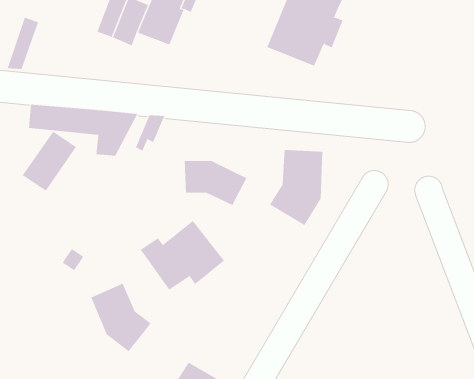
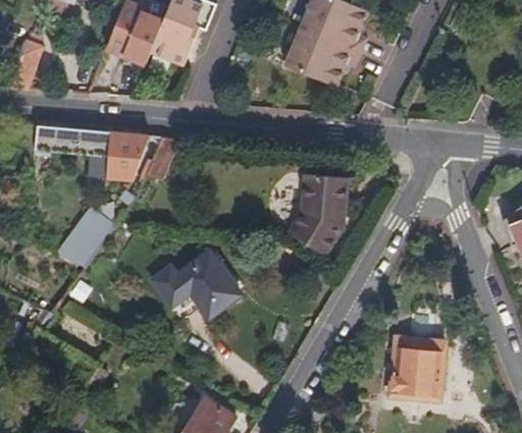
building: [22,131,77,192] -> [59,203,117,267]
building: [184,160,247,206] -> none
building: [91,283,152,352] -> none
building: none -> [392,342,441,391]

